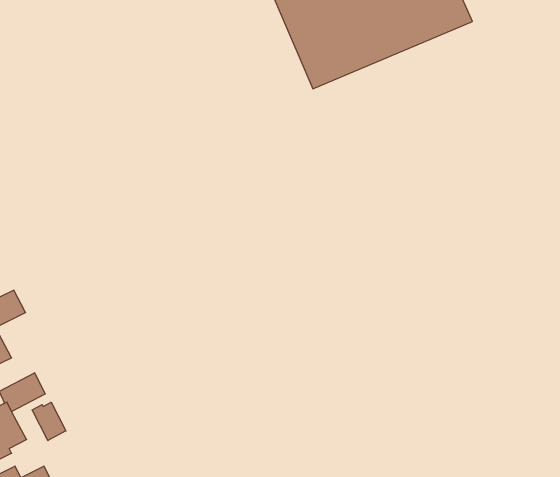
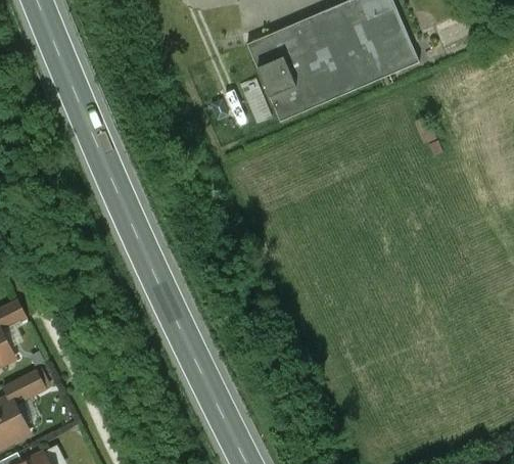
building: [32,402,66,441] -> none

